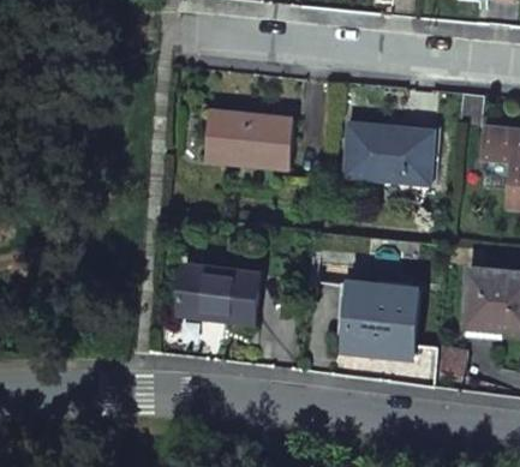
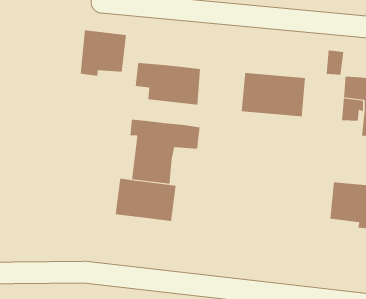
building: none -> [80,29,126,77]
building: none -> [130,119,200,185]
building: [347,282,419,355] -> none

